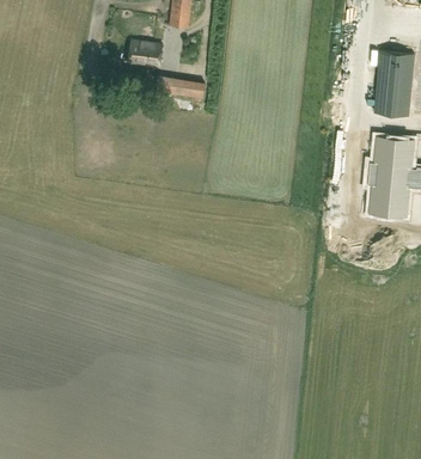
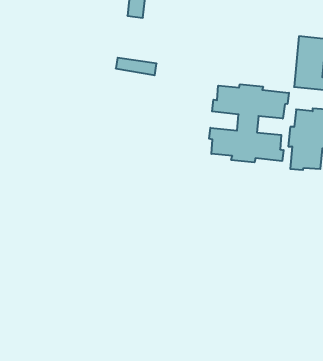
building: [128,42,163,68] -> none
building: none -> [209,84,289,162]

